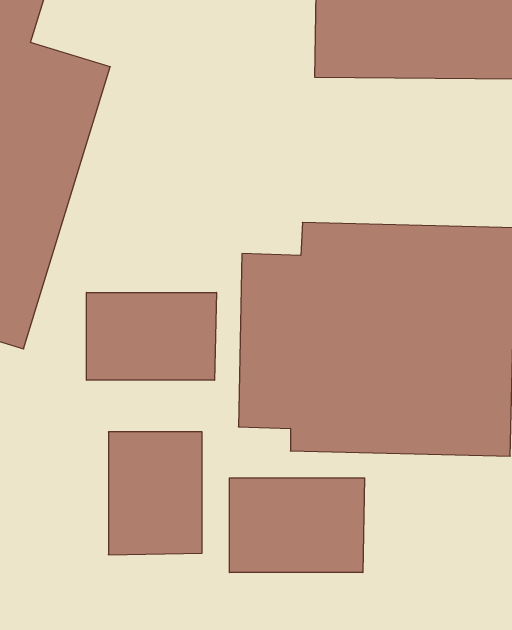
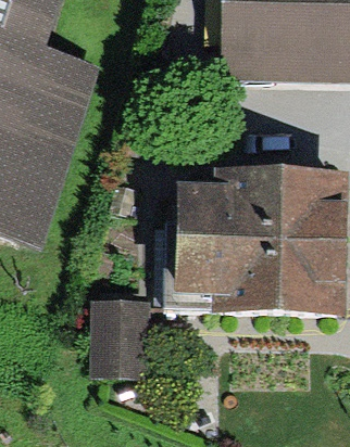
building: [87,292,216,380] -> none
building: [229,478,365,573] -> none

